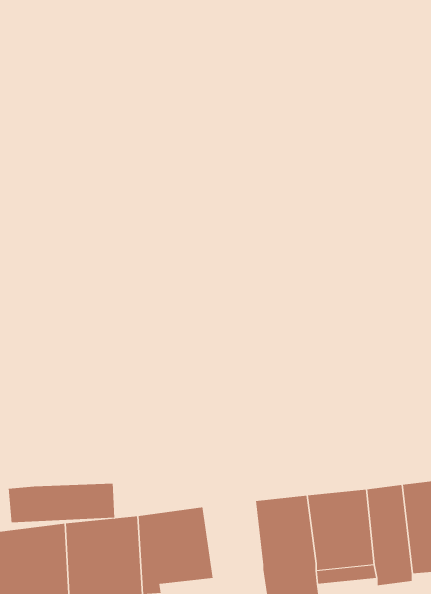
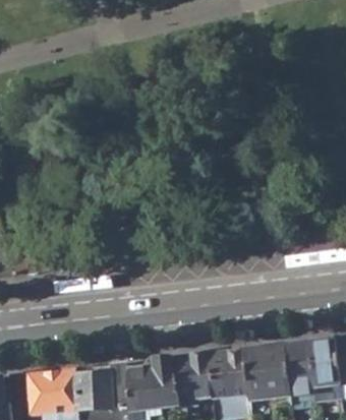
building: [8,483,115,523] -> none
building: none -> [171,351,212,405]

